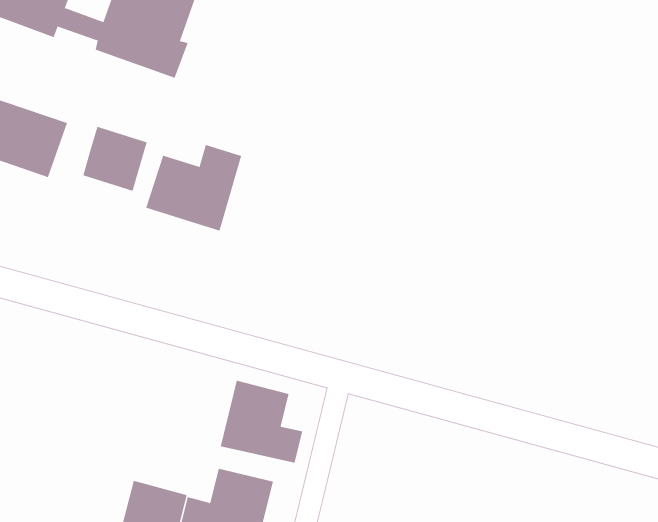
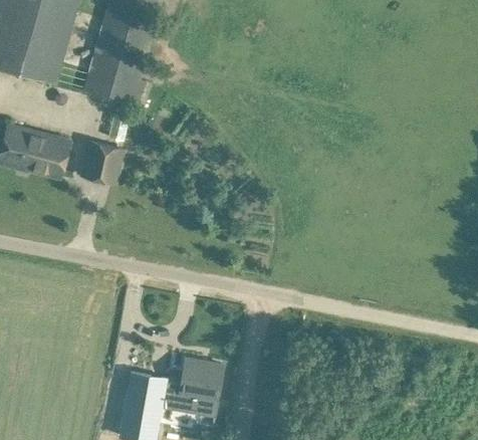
building: [145,144,242,232] -> none
building: [220,380,303,464] -> none

